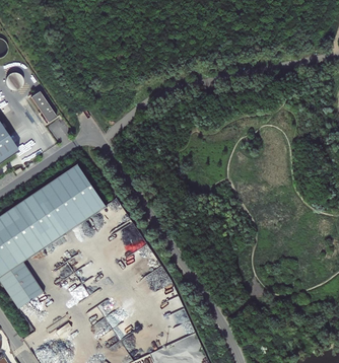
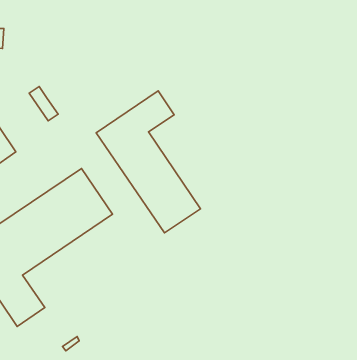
building: none -> [96,91,201,233]

